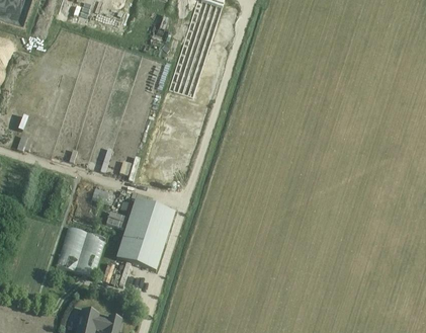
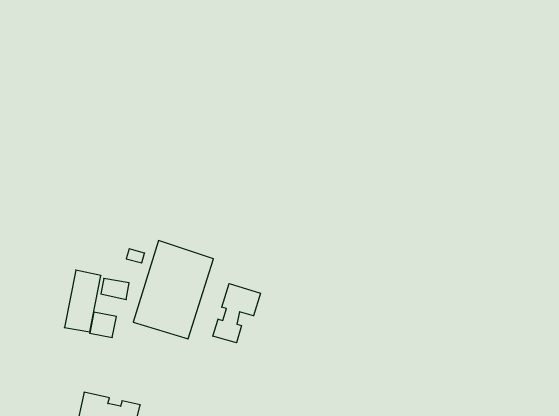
building: none -> [213,284,260,343]

